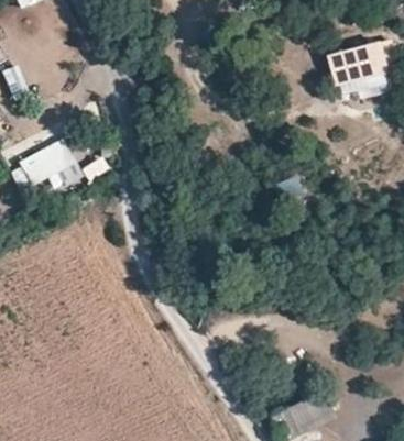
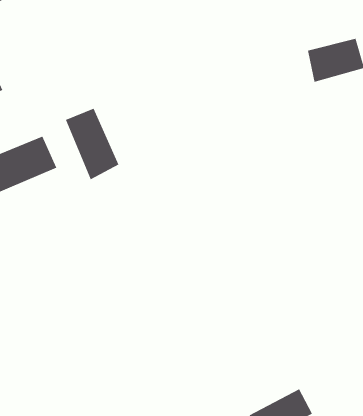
building: none -> [65,108,119,180]

